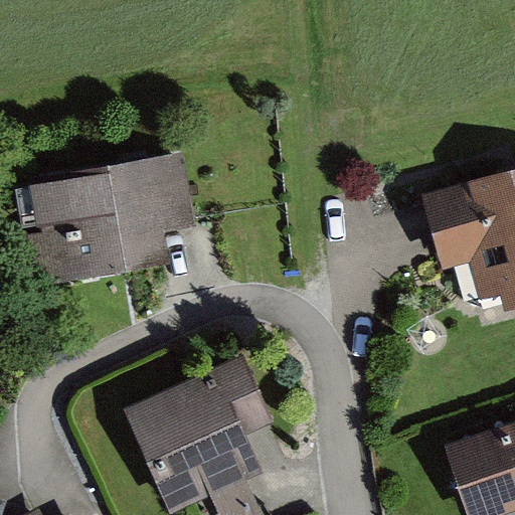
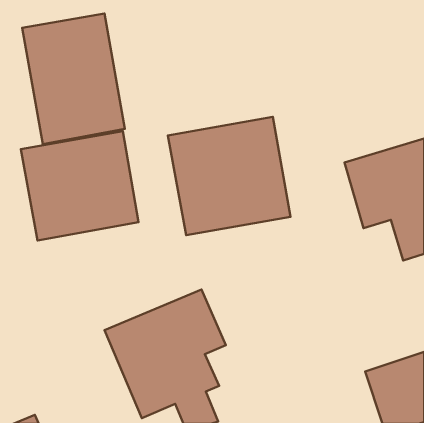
building: none -> [22,14,125,144]
building: none -> [168,117,291,235]

